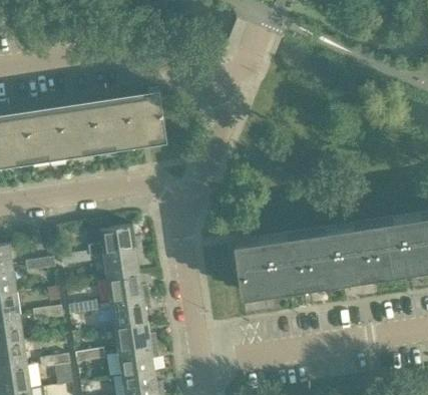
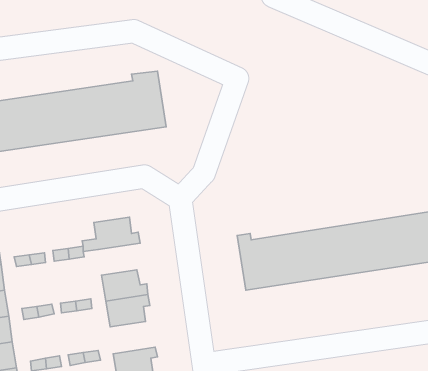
building: [103,250,143,280] -> none
building: [114,323,156,353] -> none

